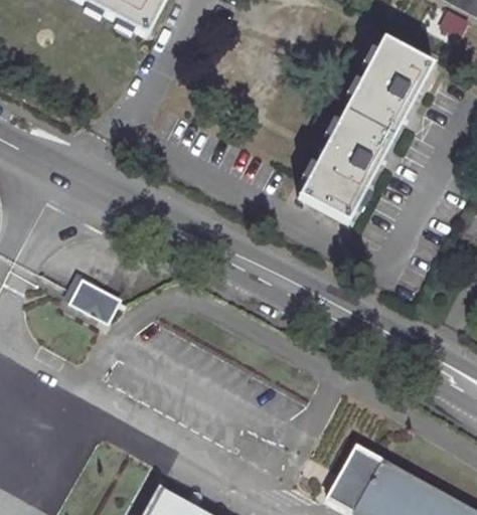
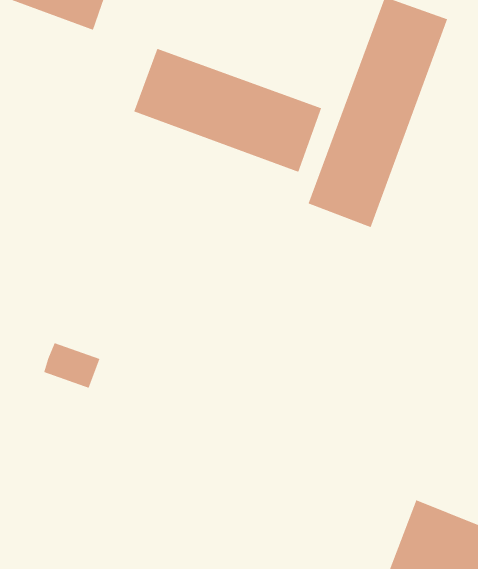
building: none -> [133,48,322,173]

